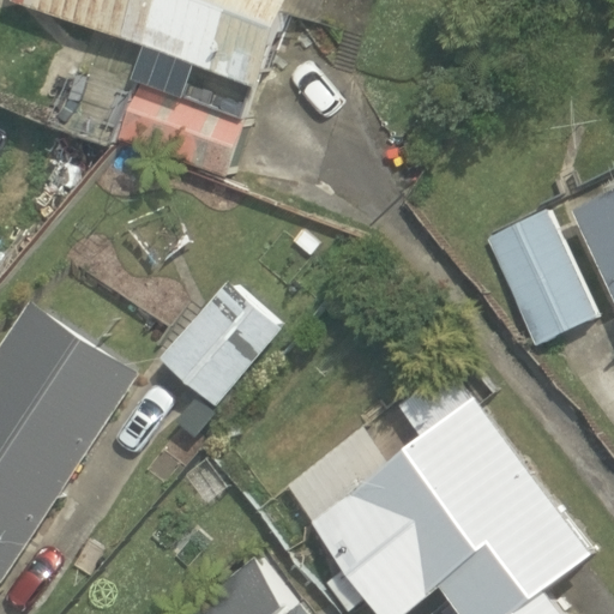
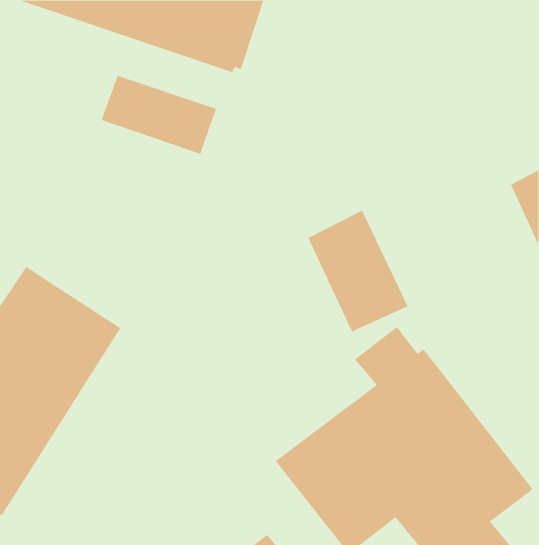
building: [483,209,596,345] -> [308,210,409,332]
building: [156,278,283,432] -> none

